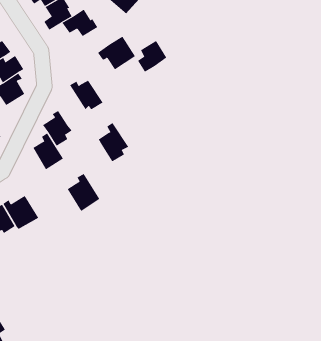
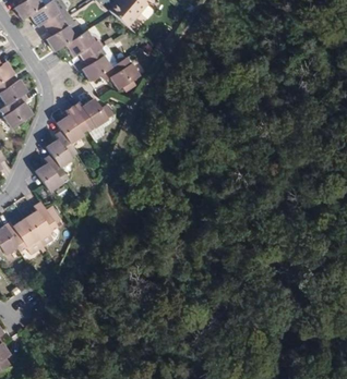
building: [137,40,167,73] -> [82,46,112,78]
building: [98,122,129,162] -> [57,105,88,145]
building: [67,173,100,212] -> [27,199,61,239]

